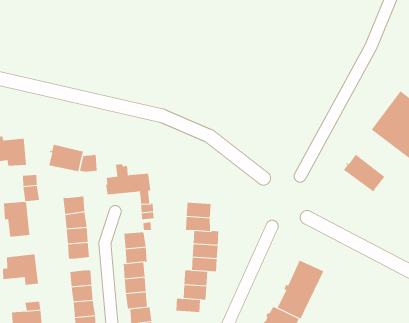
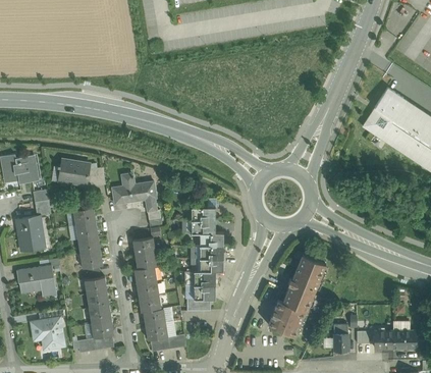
building: [343,154,385,193] -> none

